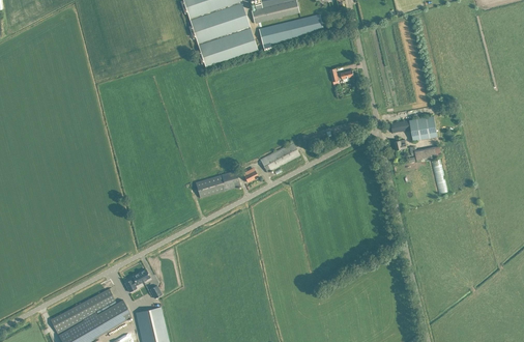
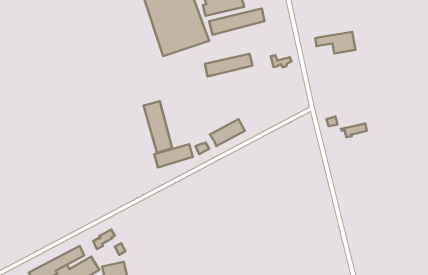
building: none -> [205,54,253,77]
building: [391,115,438,140] -> [315,32,356,53]
building: none -> [144,101,172,153]

